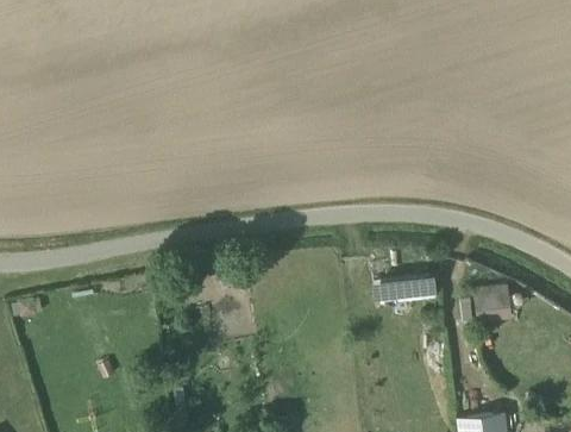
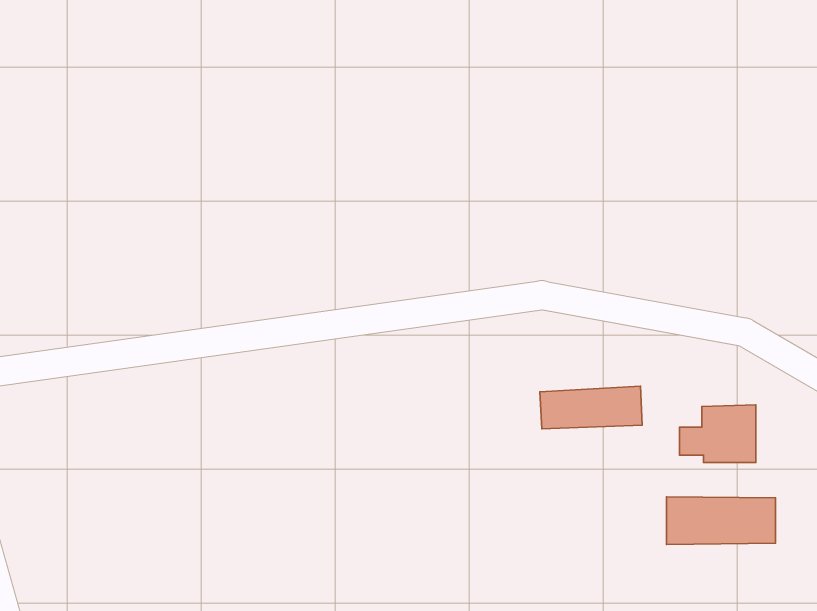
building: none -> [667,497,776,545]

